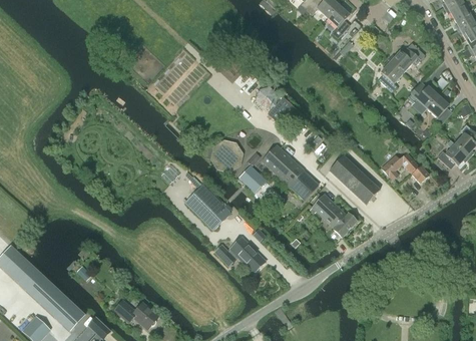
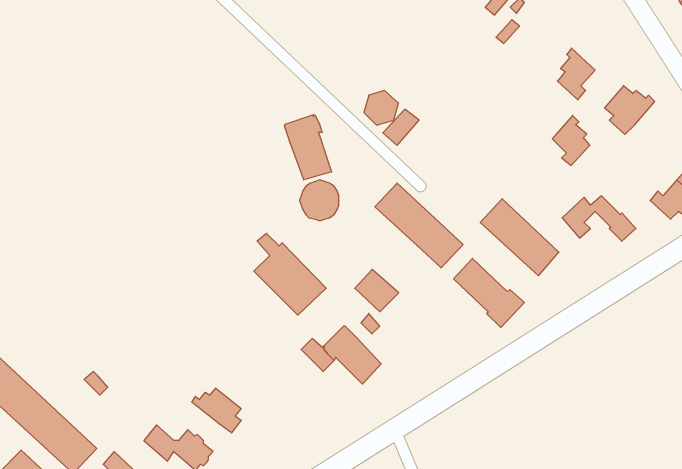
building: [387,41,425,72] -> none
building: [427,92,451,124] -> [552,115,590,166]
building: none -> [284,115,332,180]
building: [239,164,267,192] -> [355,269,399,312]
building: none -> [192,388,241,433]

